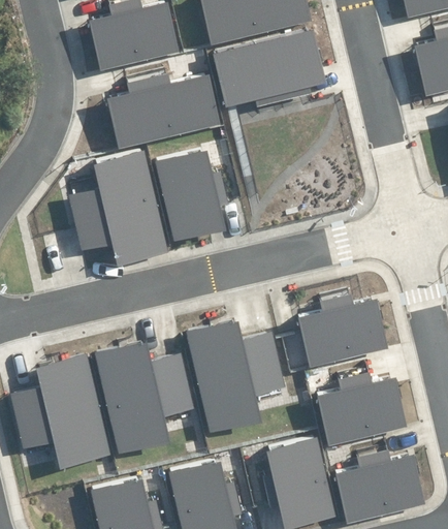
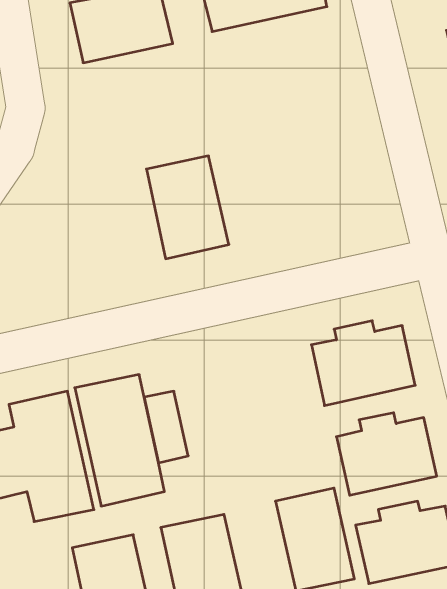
building: [214,29,324,104] -> none
building: [105,71,219,148] -> none
building: [67,151,167,263] -> none
building: [184,319,282,431] -> none

